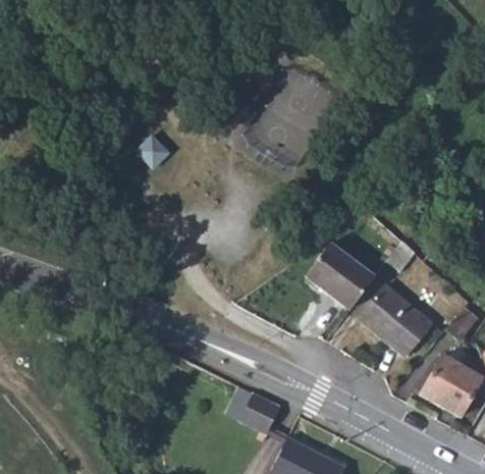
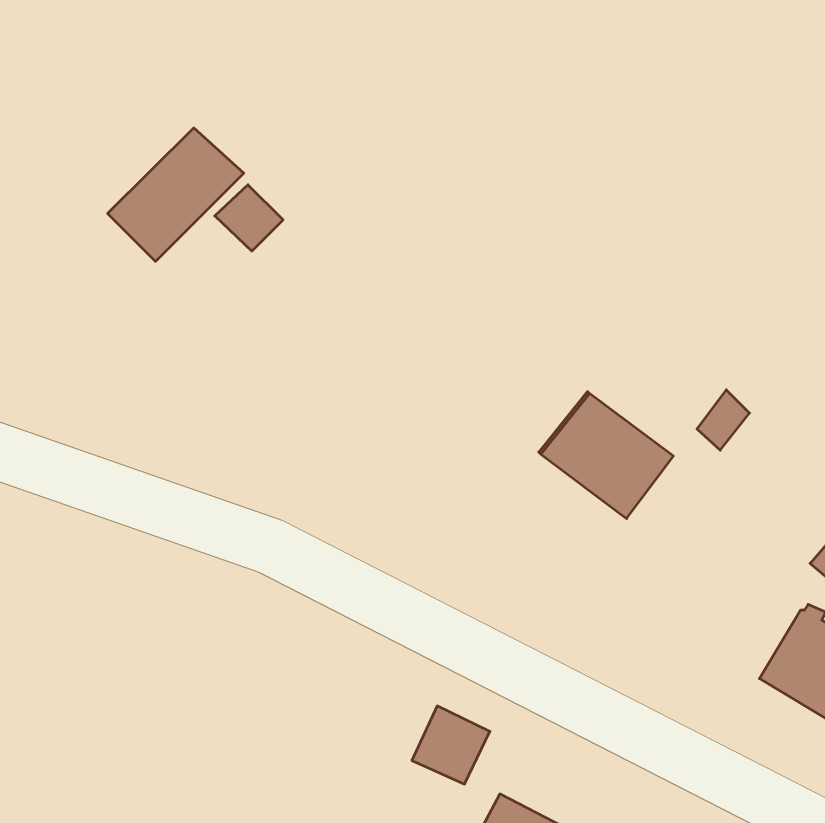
building: none -> [108,128,244,261]
building: [360,283,430,353] -> none

